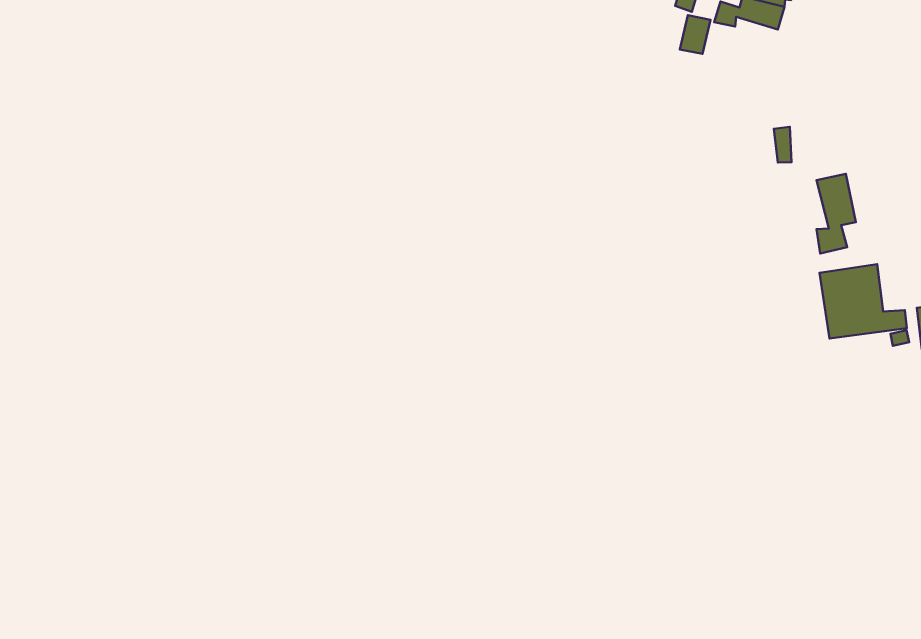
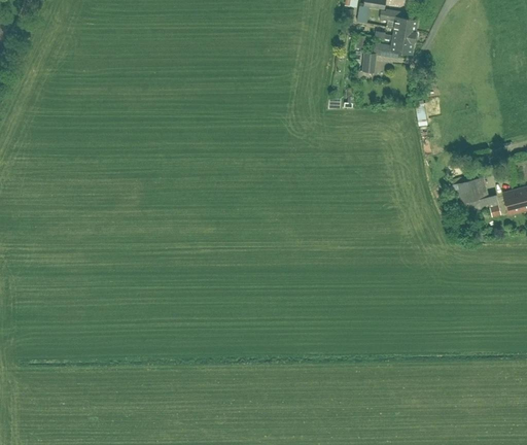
building: [816,174,856,253] -> none

